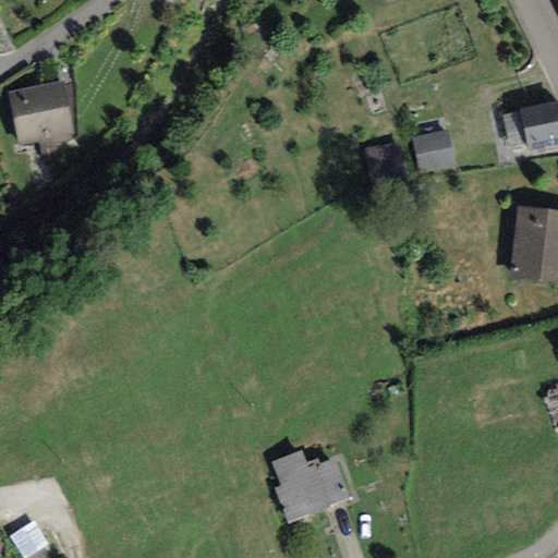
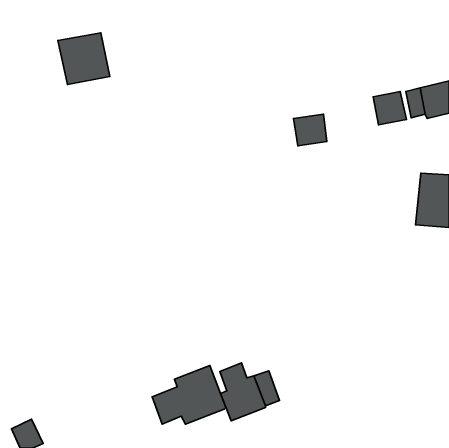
building: [8,81,72,145] -> [58,33,110,85]
building: [413,130,454,171] -> [373,91,406,125]
building: none -> [152,366,226,424]

